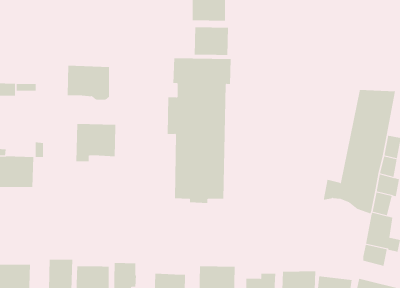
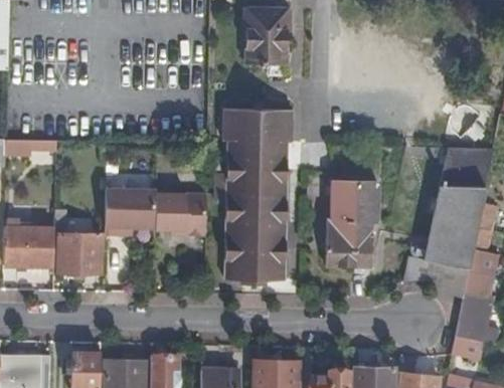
building: [194,26,229,56] -> none
building: [67,65,110,100] -> [153,192,205,234]
building: none -> [326,182,378,266]
building: none -> [57,234,103,272]

